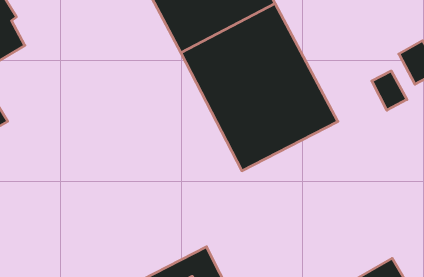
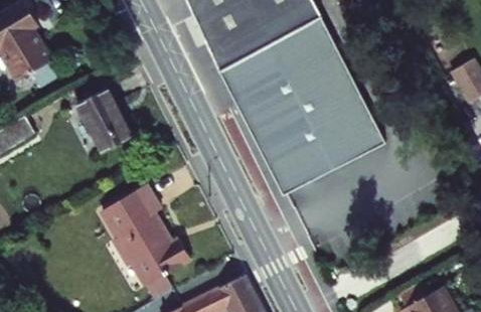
building: [372,71,407,110] -> none
building: none -> [76,89,136,155]
building: none -> [103,184,194,288]

